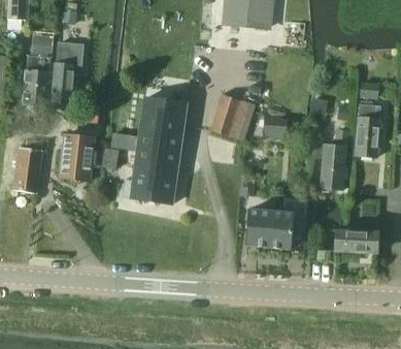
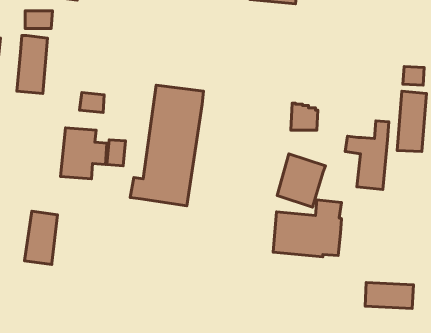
building: [51,41,83,102] -> none
building: [211,93,254,139] -> [277,154,325,207]
building: [12,147,41,193] -> [25,211,58,264]
building: [335,229,377,252] -> [365,283,413,309]

